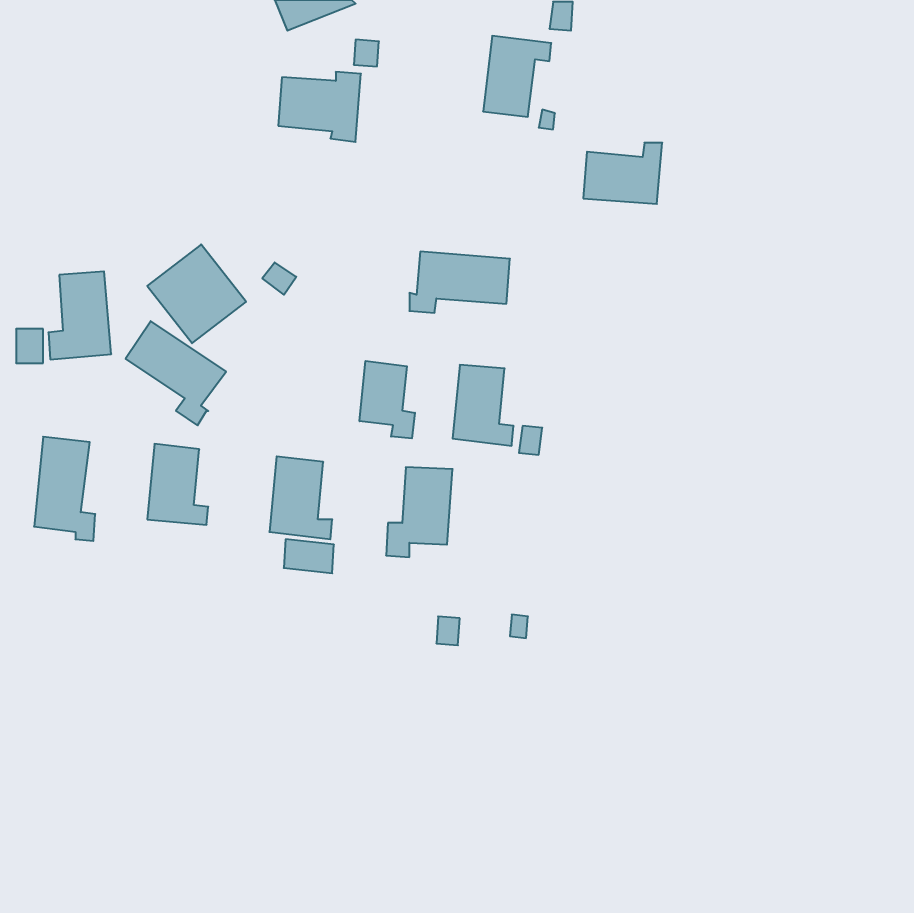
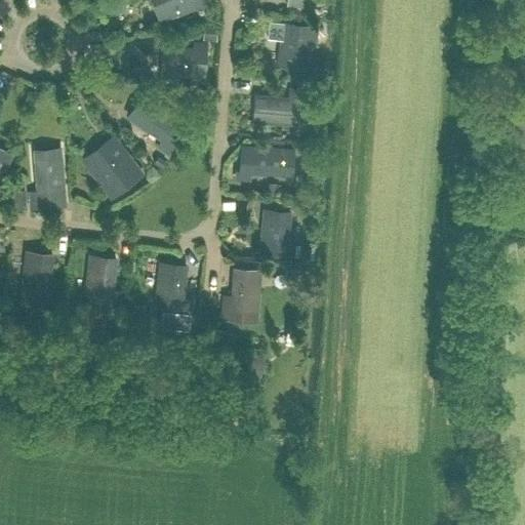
building: [583,143,662,204] -> [254,91,299,126]
building: [126,321,226,425] -> [128,96,186,156]
building: [360,361,415,438] -> none

